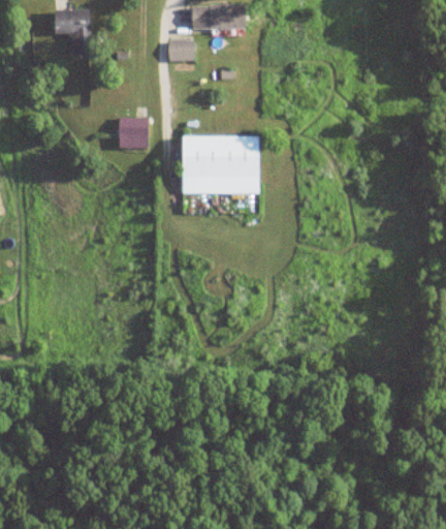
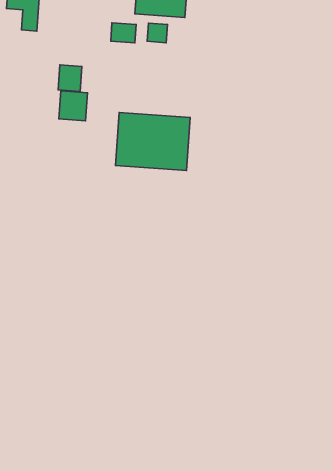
building: none -> [147,23,168,43]
building: none -> [58,65,82,91]

